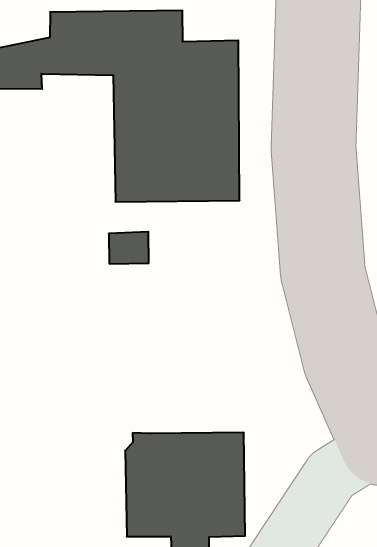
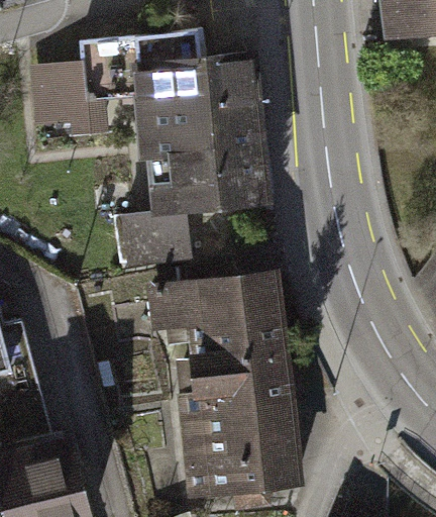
building: none -> [153,284,288,404]

